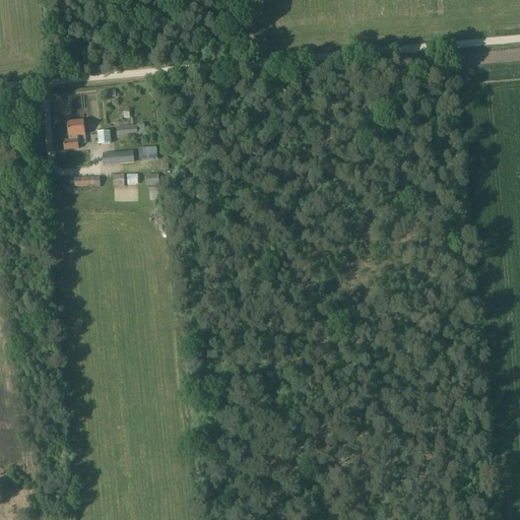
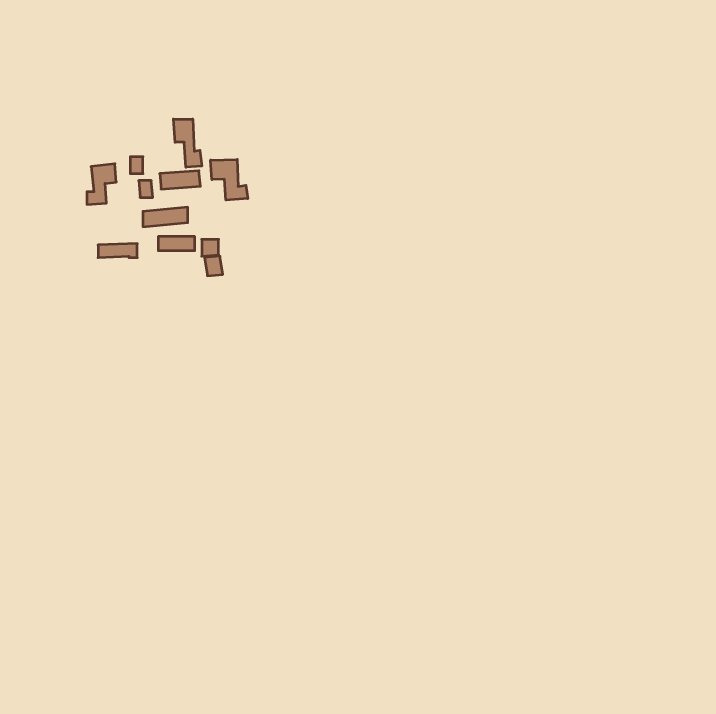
building: none -> [173,119,202,167]
building: none -> [211,159,248,200]

